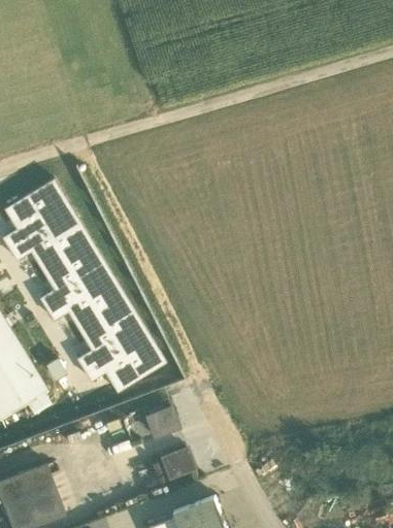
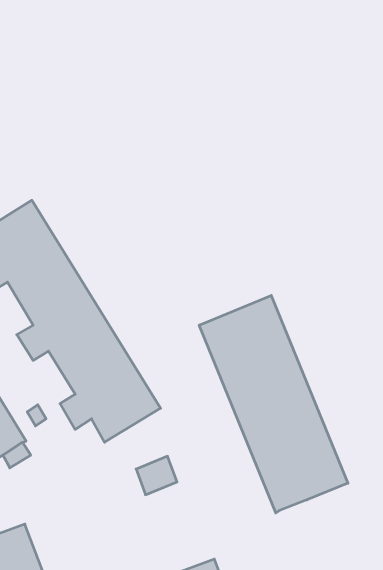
building: none -> [199,295,348,513]
building: [163,450,194,477] -> none

